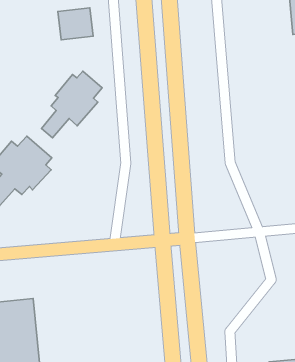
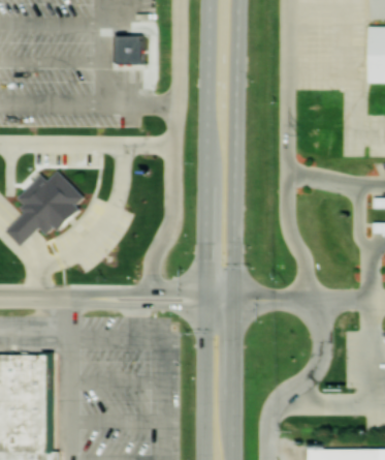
building: [42,71,102,138] -> none

